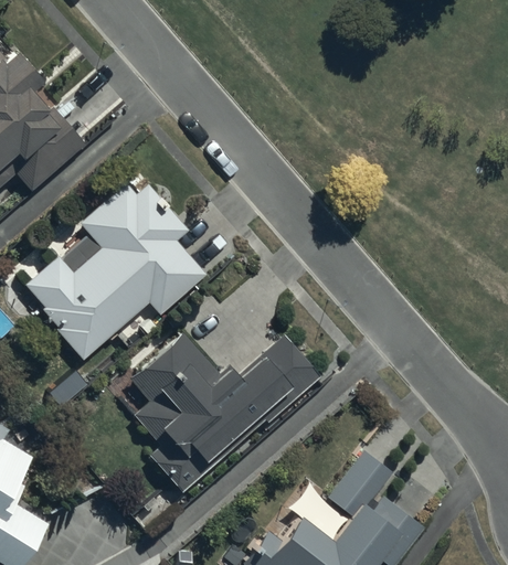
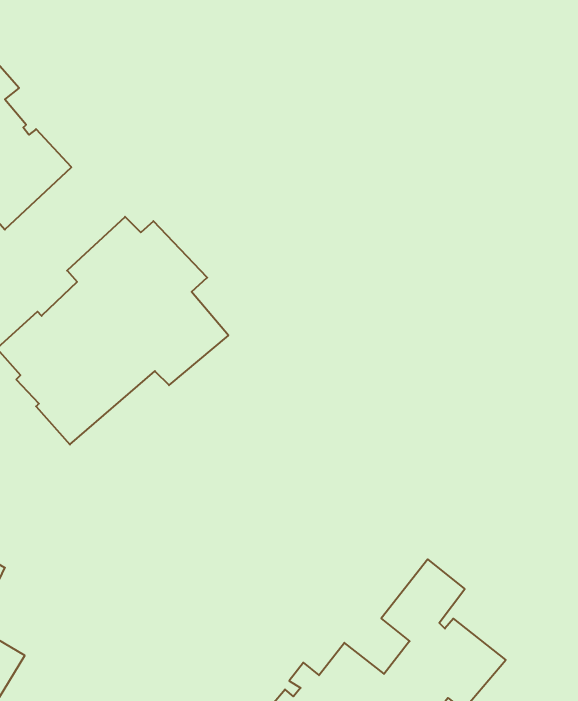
building: [129,333,321,492] -> none

